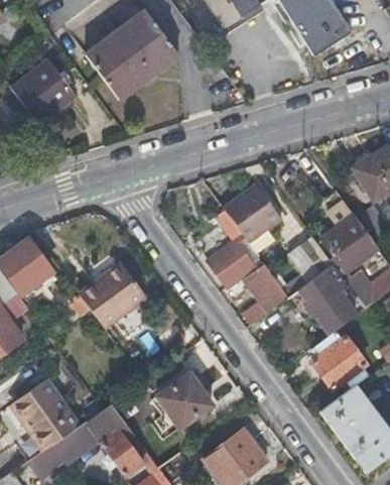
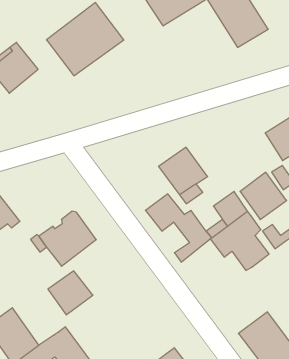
building: [310,330,368,390] -> none
building: [156,372,211,426] -> [48,271,93,315]

